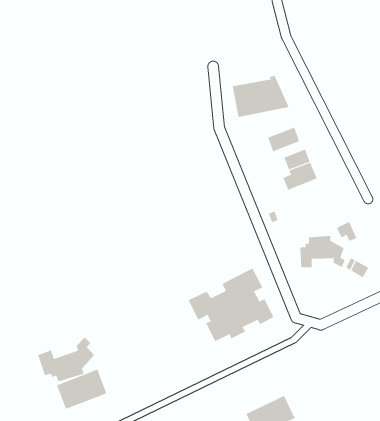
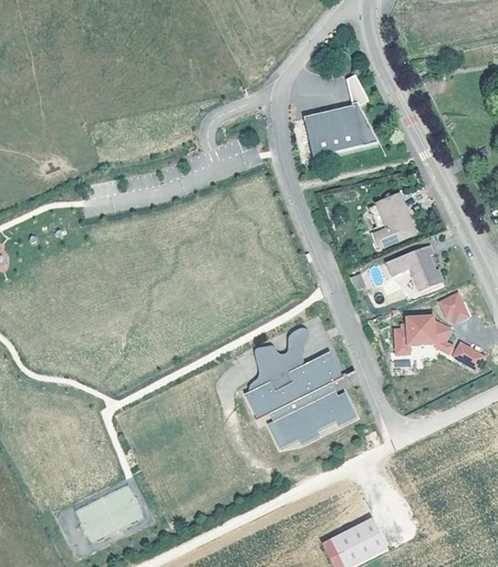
building: [268,127,300,152] -> none
building: none -> [386,247,440,293]
building: none -> [250,328,311,391]
building: [38,337,95,382] -> none

